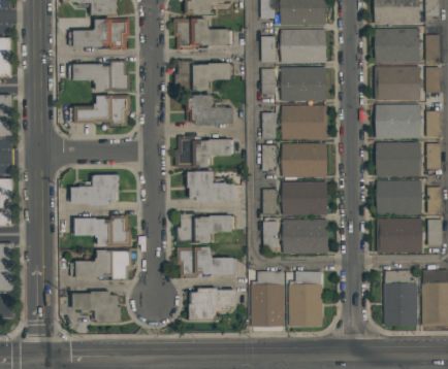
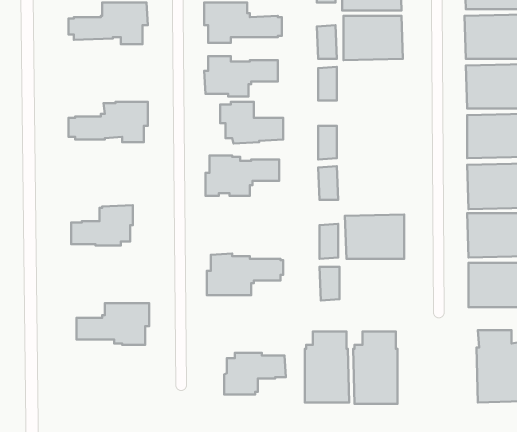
building: [69,60,130,92] -> none
building: [281,67,326,101] -> none
building: [282,105,327,139] -> none
building: [282,143,327,177] -> none
building: [187,171,234,202] -> none
building: [74,214,131,246] -> none
building: [283,220,328,255] -> none
building: [177,246,237,278] -> none
building: [72,291,121,323] -> none

